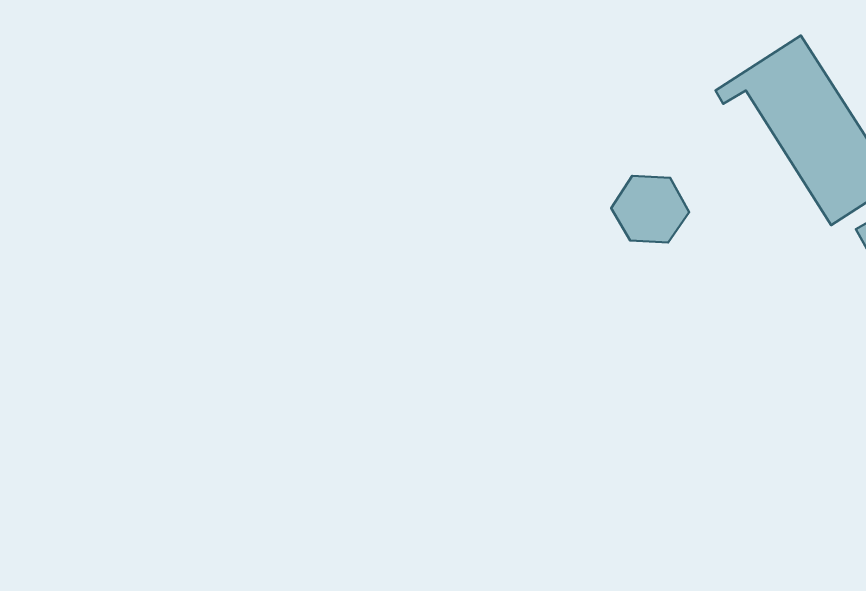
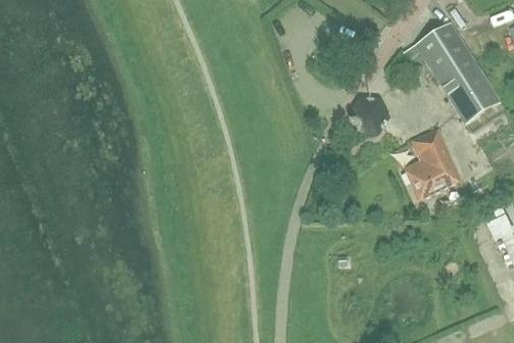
building: none -> [404,129,460,200]

